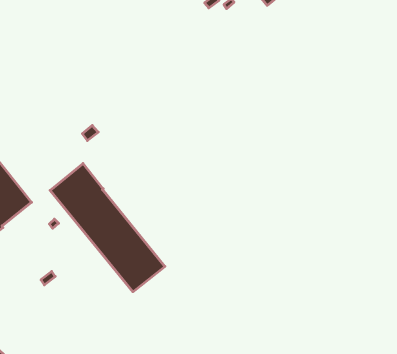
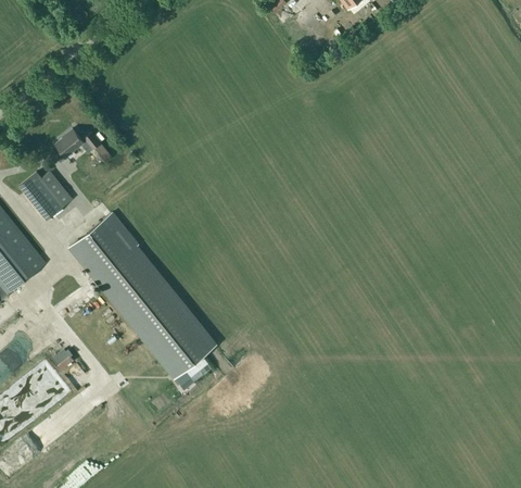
building: none -> [56,129,101,157]
building: none -> [20,173,64,220]

